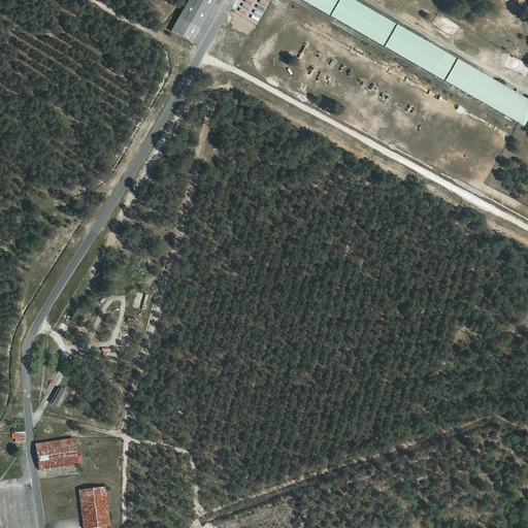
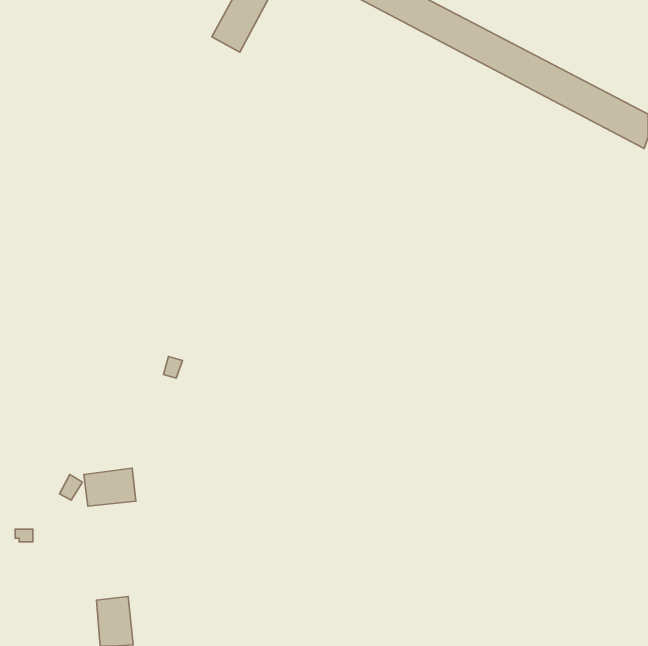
building: [34,436,76,467] -> [84,468,136,506]

